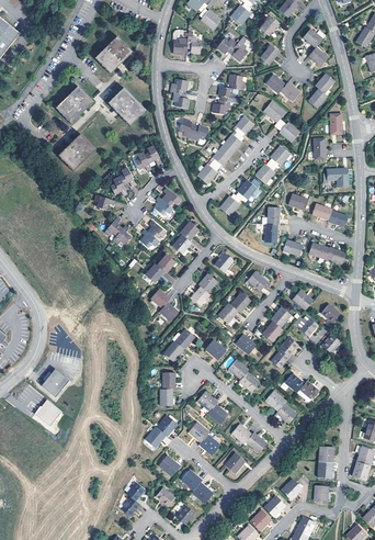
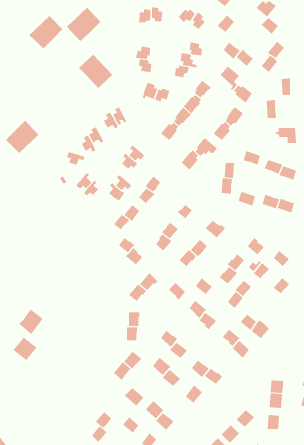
building: [55,86,93,123] -> [28,15,63,49]
building: [58,133,95,170] -> [5,120,39,154]

